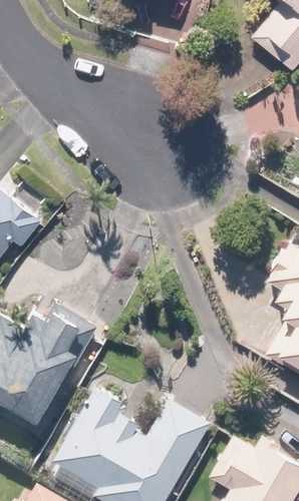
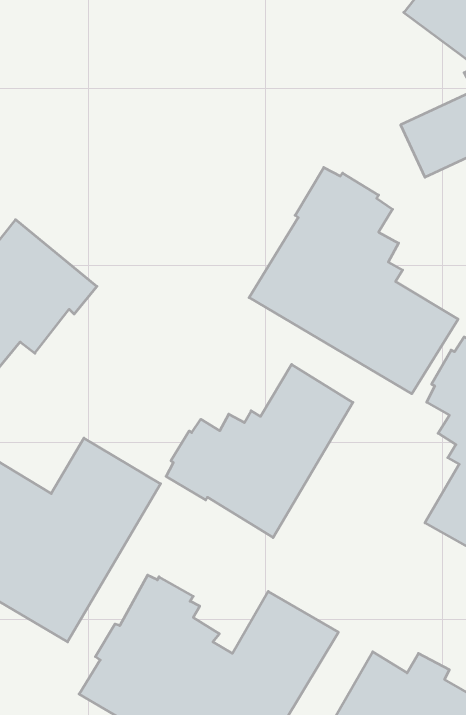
building: none -> [249,167,458,394]
building: none -> [166,364,353,538]

